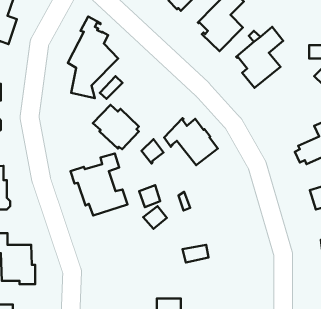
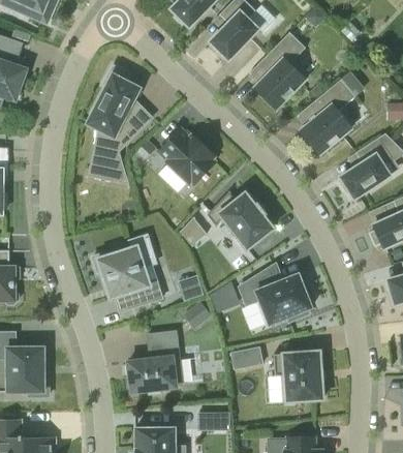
building: none -> [340,138,392,199]
building: [93,105,139,149] -> [158,129,215,184]
building: none -> [240,265,312,325]
building: none -> [127,331,183,394]
building: none -> [273,351,323,401]

